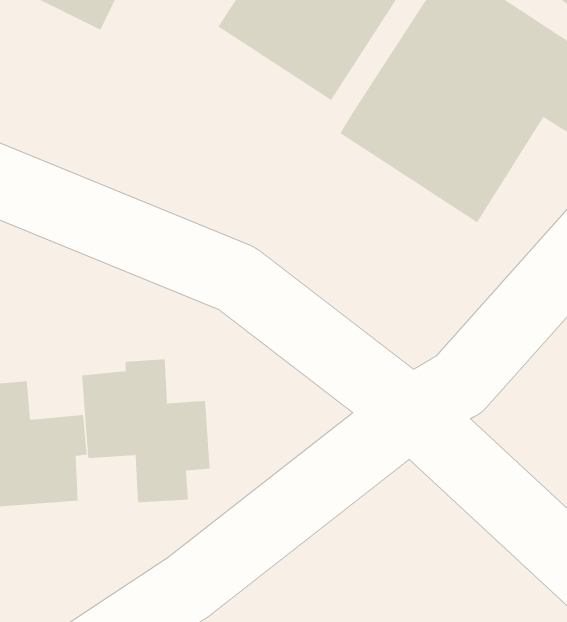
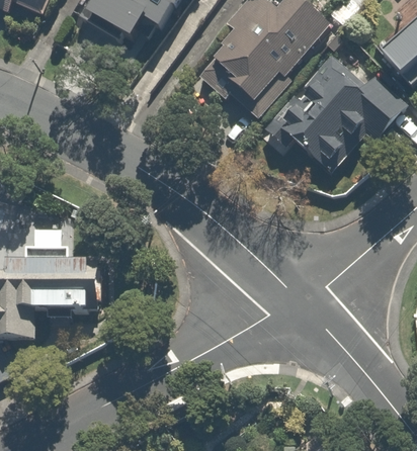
building: [82,359,210,503] -> none

